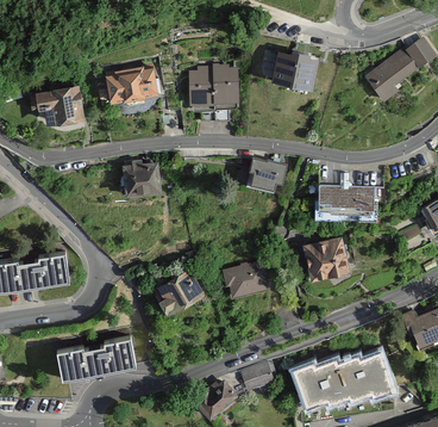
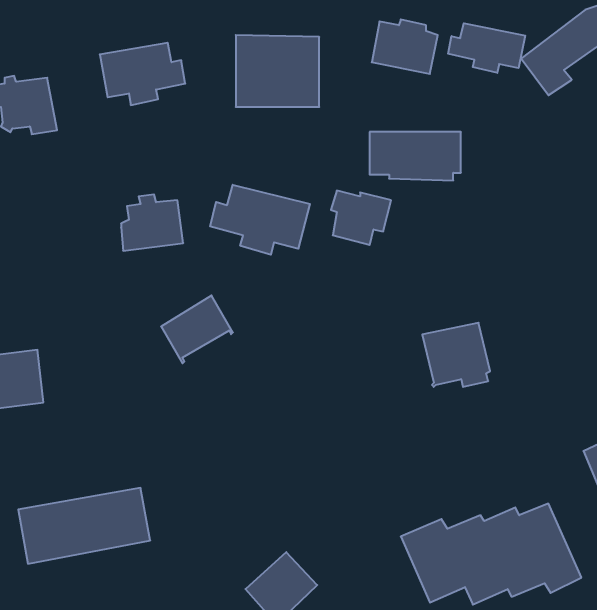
building: none -> [448,23,525,73]
building: none -> [210,185,310,255]
building: [317,184,373,214] -> [370,132,461,180]
building: [223,261,265,293] -> none
building: [155,271,199,312] -> [161,295,233,363]
building: [240,363,275,392] -> none

